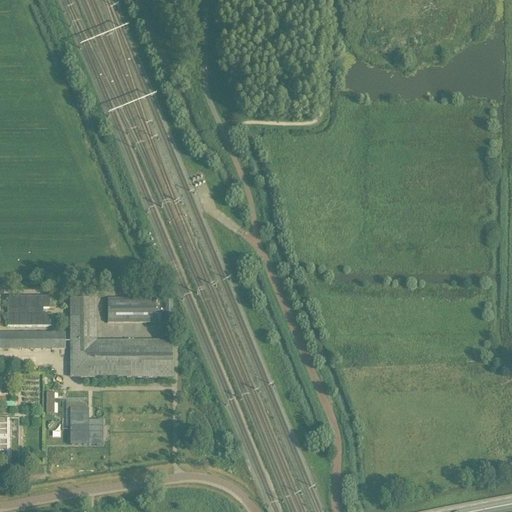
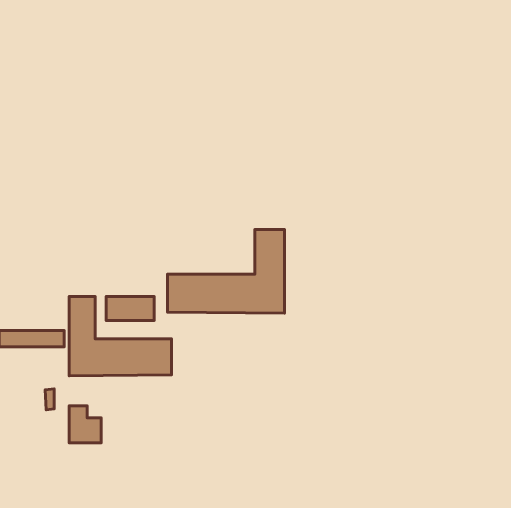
building: none -> [168,229,285,313]
building: [6,294,48,324] -> none

